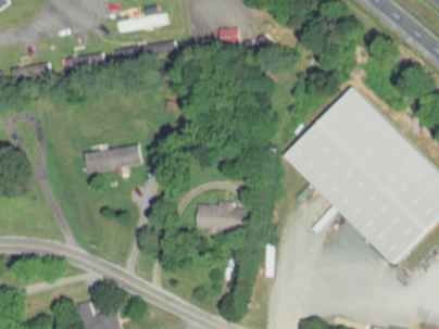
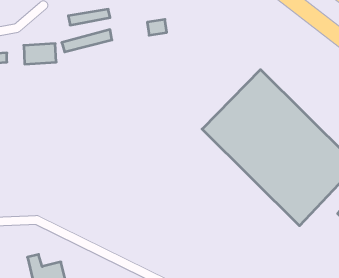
building: [80,142,139,172] -> none
building: [191,199,243,229] -> none

